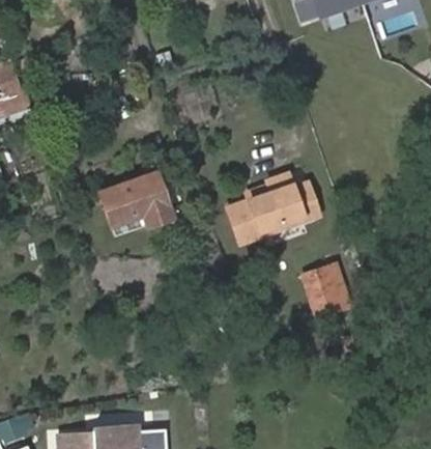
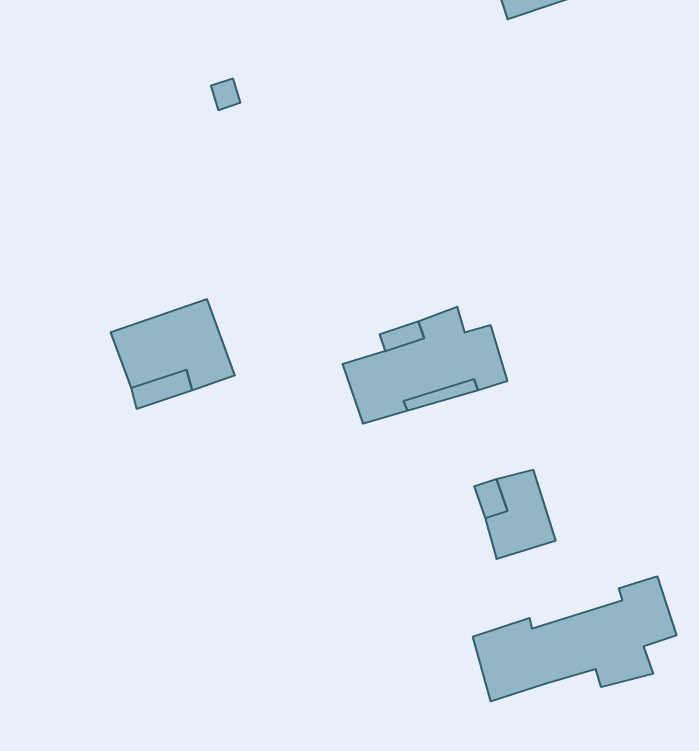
building: none -> [473,576,676,701]

